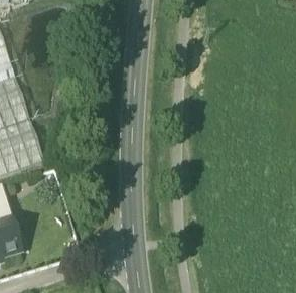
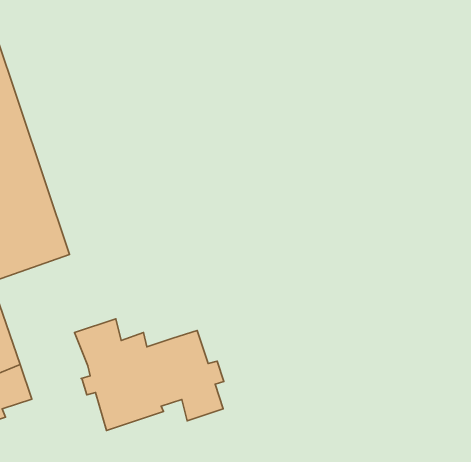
building: none -> [75,319,224,430]

